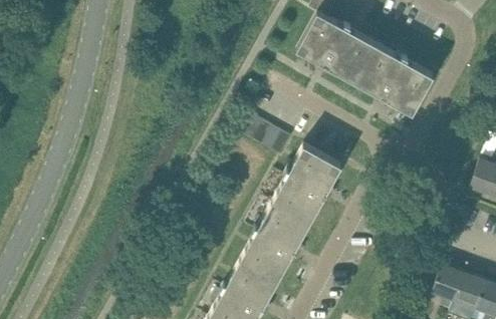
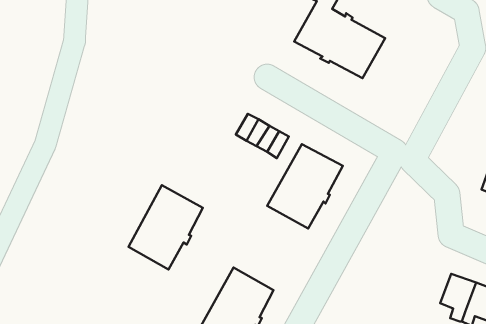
building: [360,46,434,112] -> none
building: [241,202,310,280] -> [128,185,203,270]

